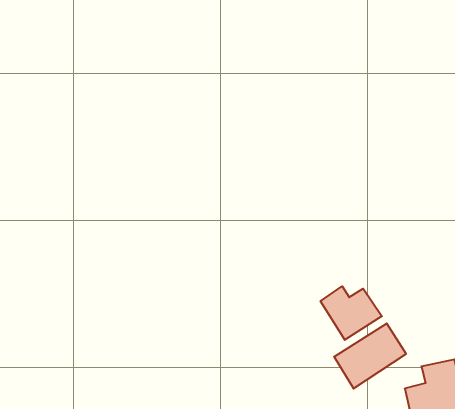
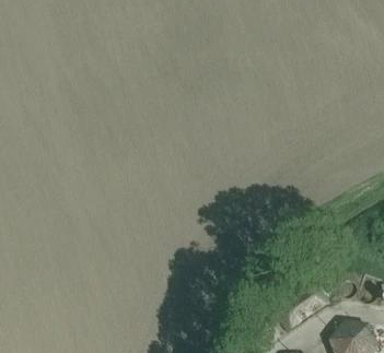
building: [321,286,382,340] -> none

